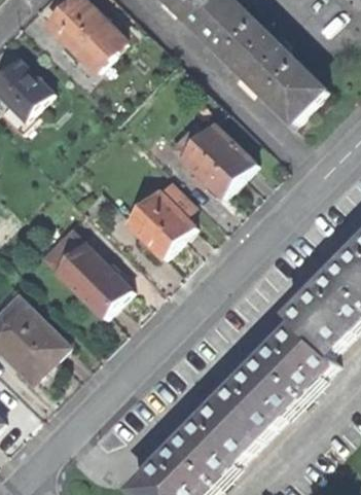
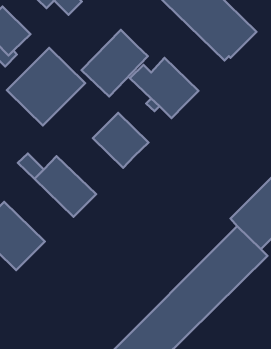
building: none -> [81,30,148,96]
building: none -> [7,48,85,125]

